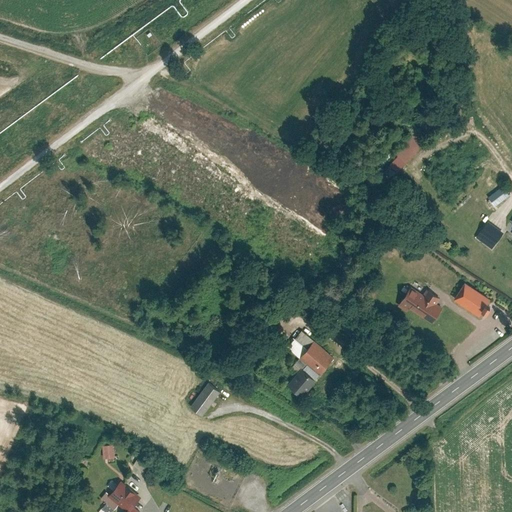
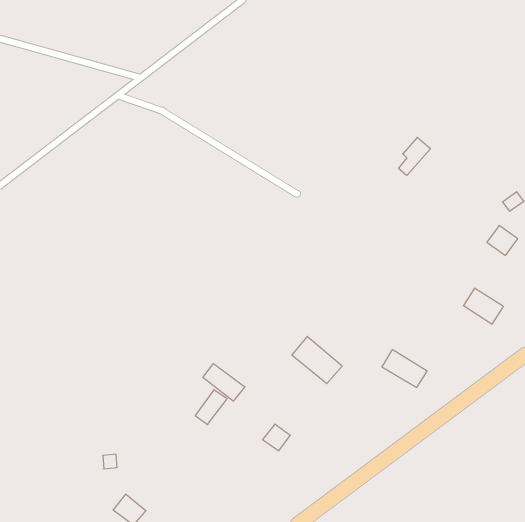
building: [398,287,442,324] -> [382,350,427,387]
building: none -> [203,364,245,401]
building: [289,371,316,397] -> [263,424,290,451]

